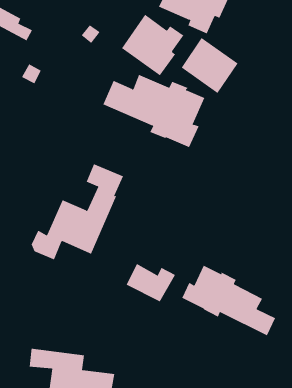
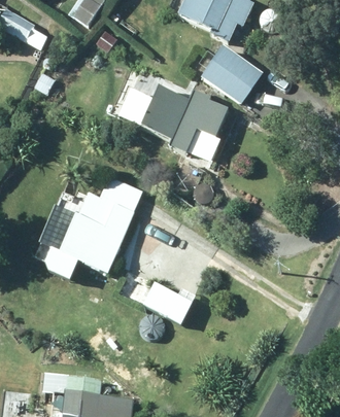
building: [121,14,184,76] -> none
building: [182,265,276,336] -> none

